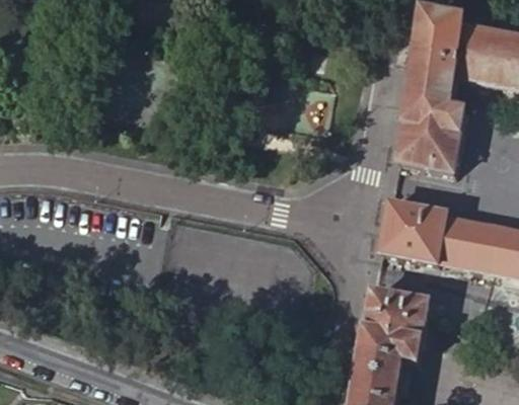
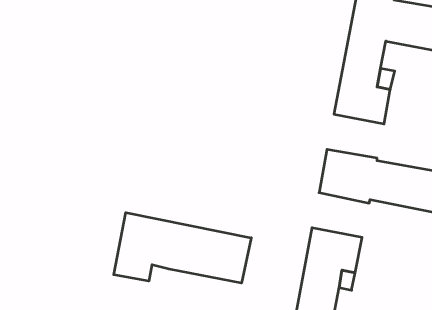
building: none -> [114,213,251,283]

